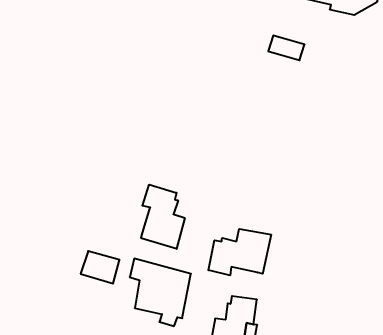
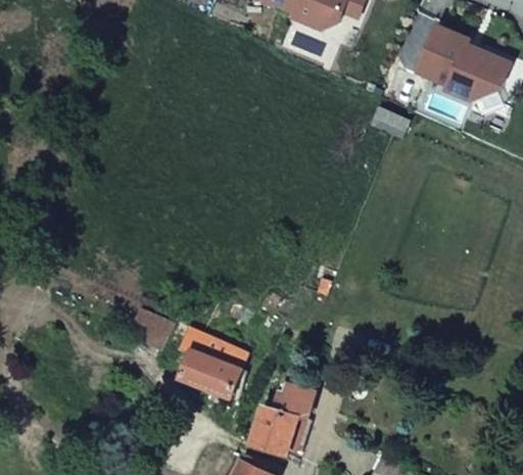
building: [141,185,185,249] -> none
building: [208,229,271,275] -> none

